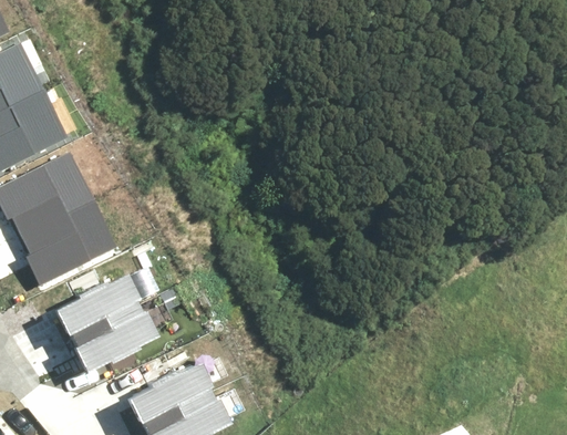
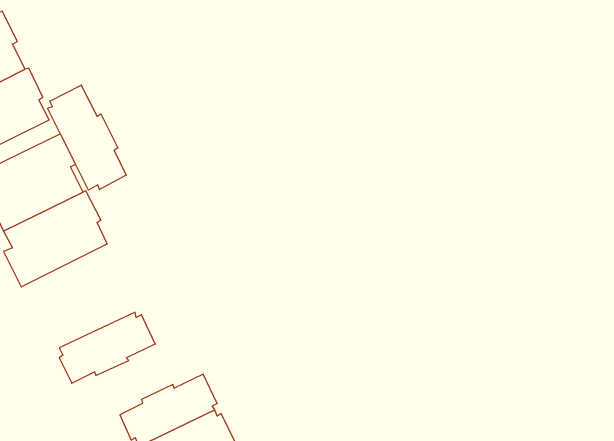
building: none -> [48,85,126,190]
building: [55,277,140,339] -> none

